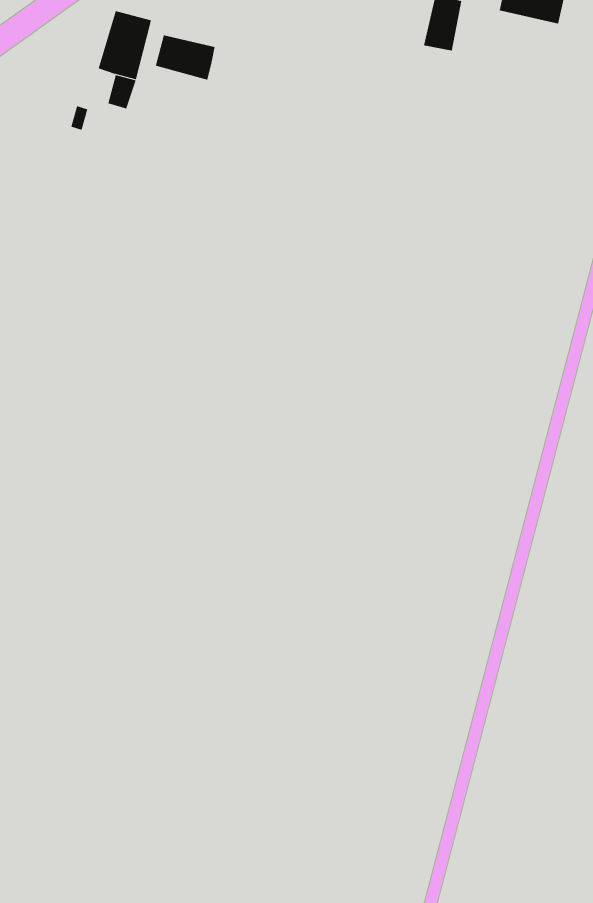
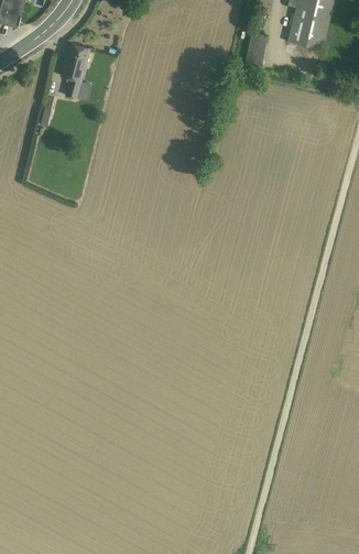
building: [155,35,215,80] -> none

